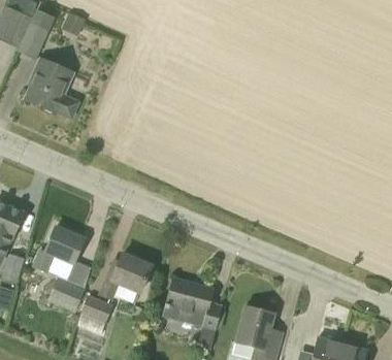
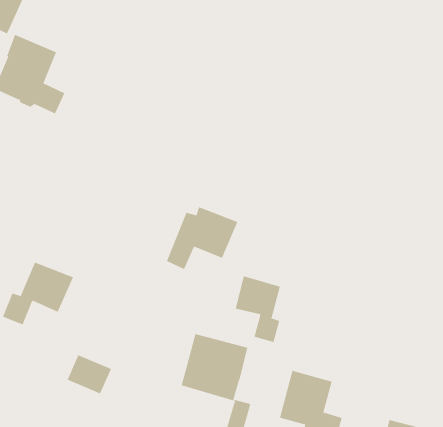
building: none -> [235,276,280,343]
building: [98,254,151,300] -> [166,206,238,270]
building: [47,275,86,312] -> none

